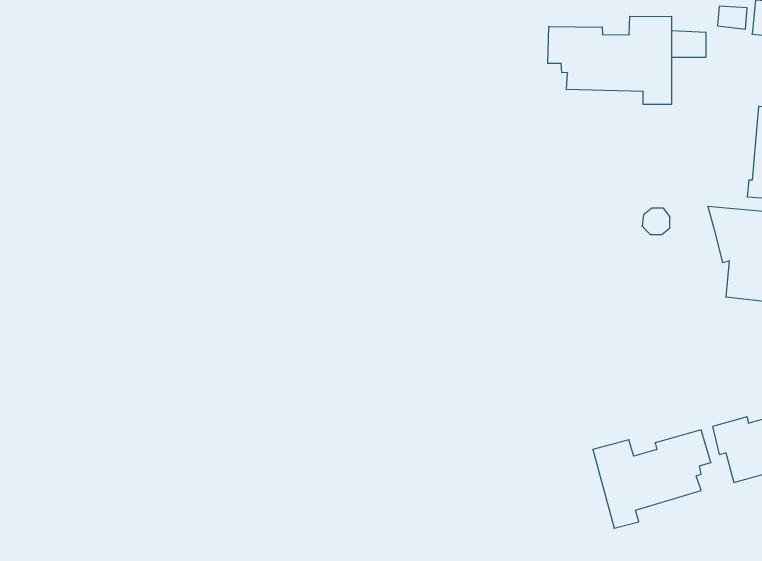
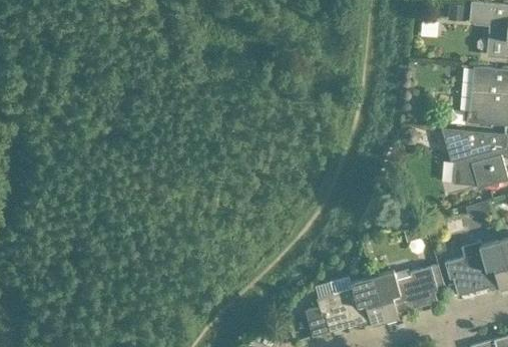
building: [548,16,672,104] -> none
building: none -> [306,276,385,336]

